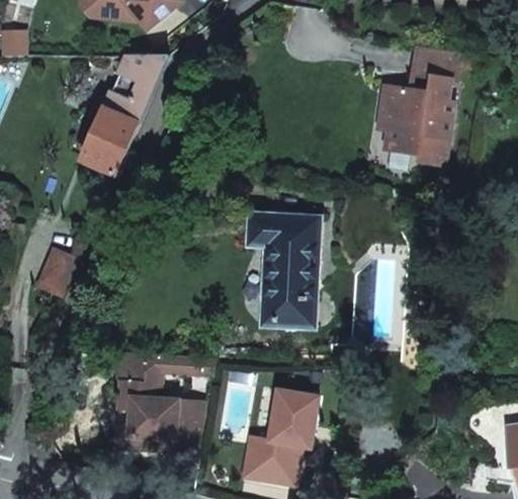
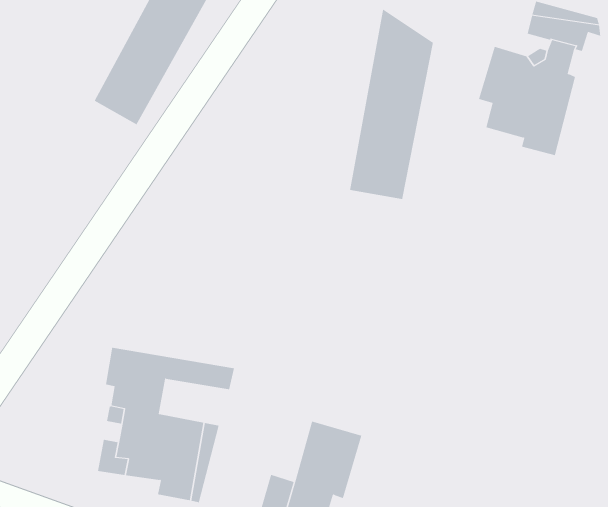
building: none -> [349,9,433,200]
building: [248,215,318,329] -> none
building: [38,249,79,298] -> none

